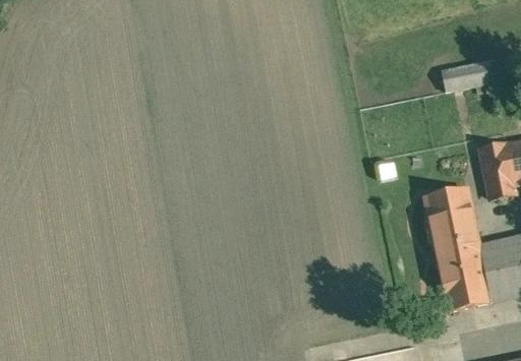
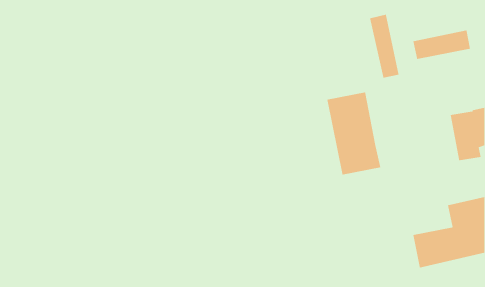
building: none -> [370,14,399,78]
building: [424,186,482,275] -> [327,92,381,175]

